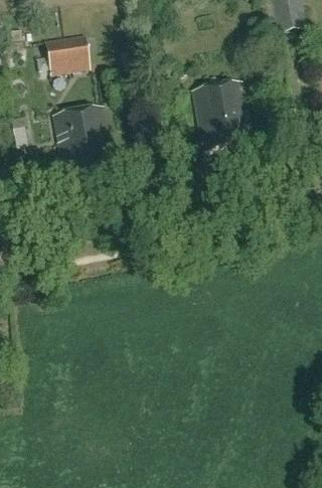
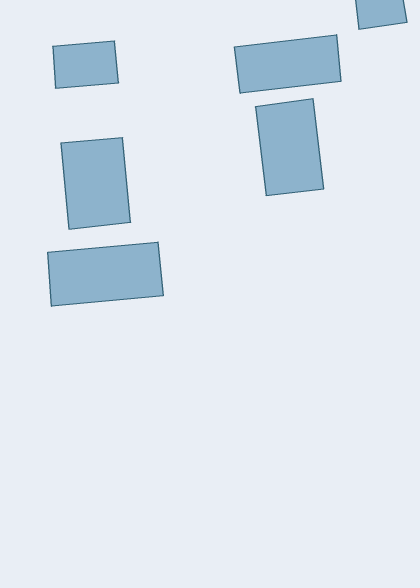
building: none -> [235,35,341,93]
building: none -> [48,242,163,306]

